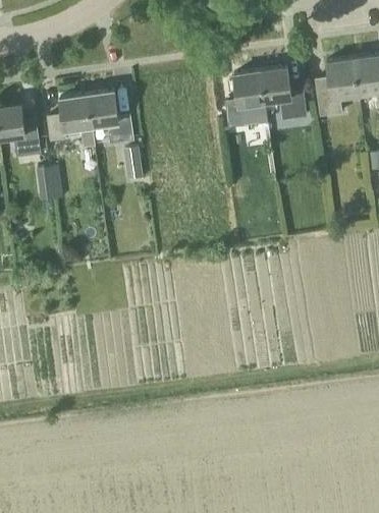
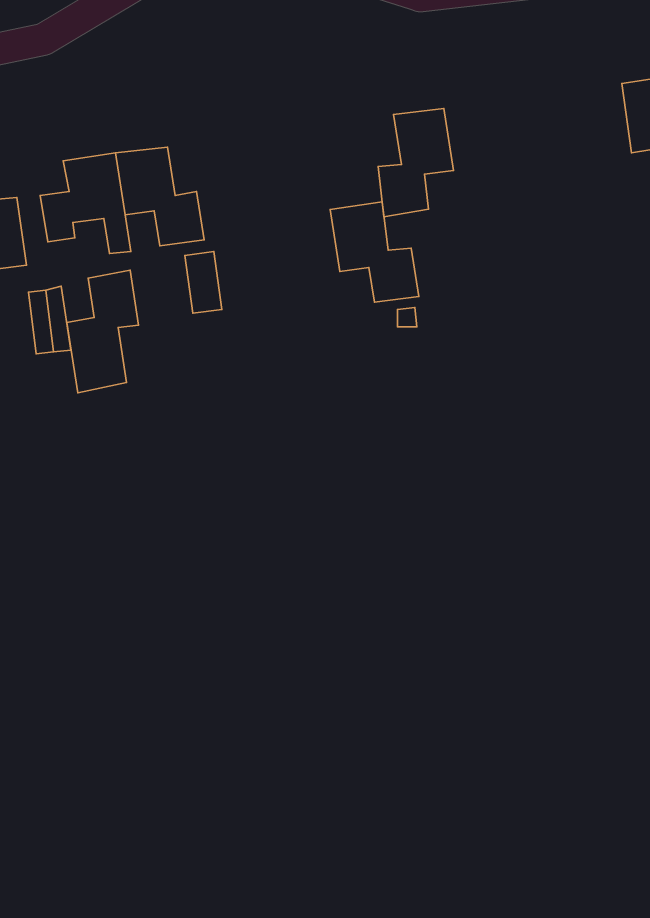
building: [315,58,359,116] -> none
building: [260,67,307,120] -> [330,202,419,302]
building: none -> [67,270,139,393]

